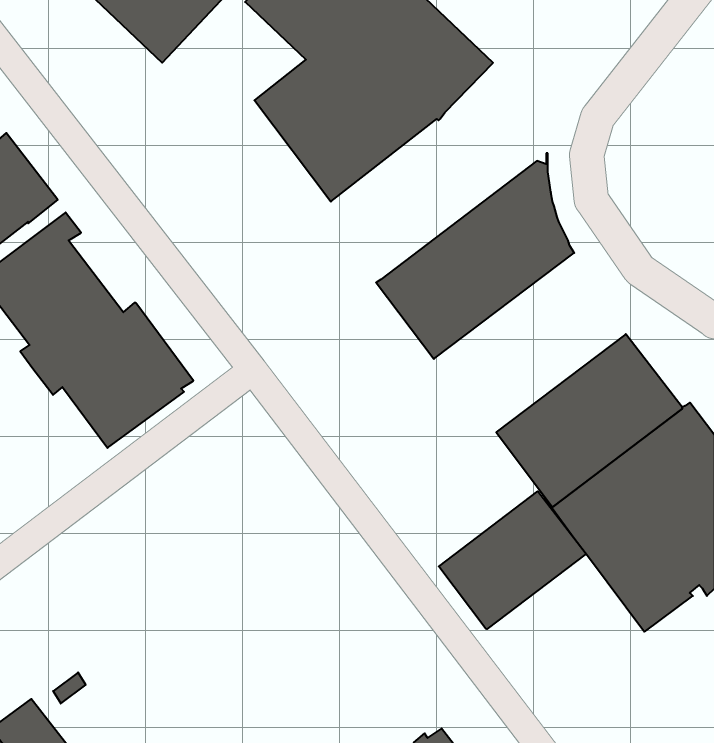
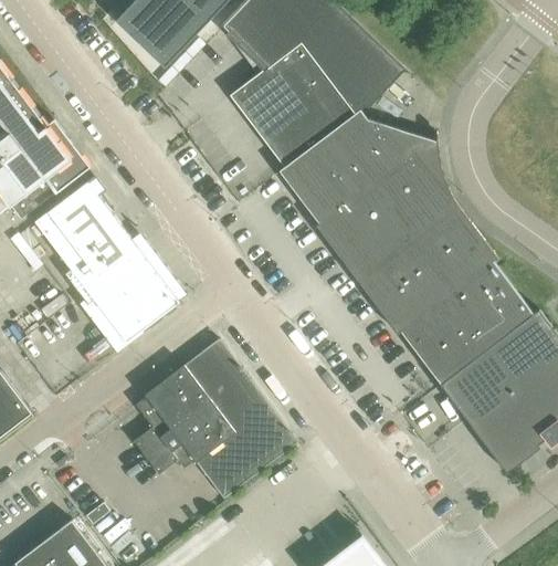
building: none -> [278,108,429,222]
building: none -> [356,203,497,333]
building: none -> [131,338,296,497]
building: [439,491,586,629] -> none

